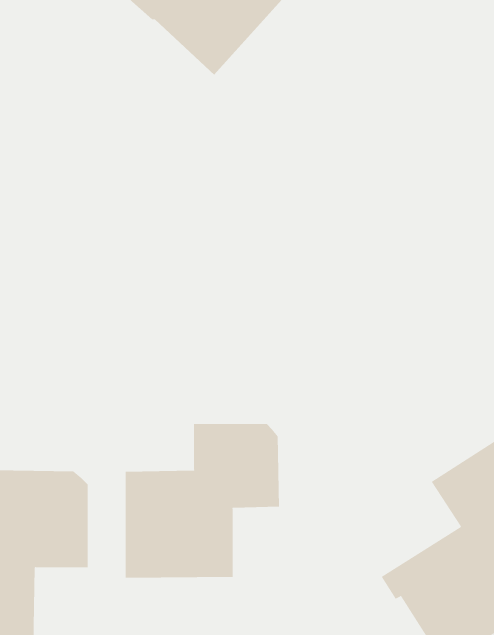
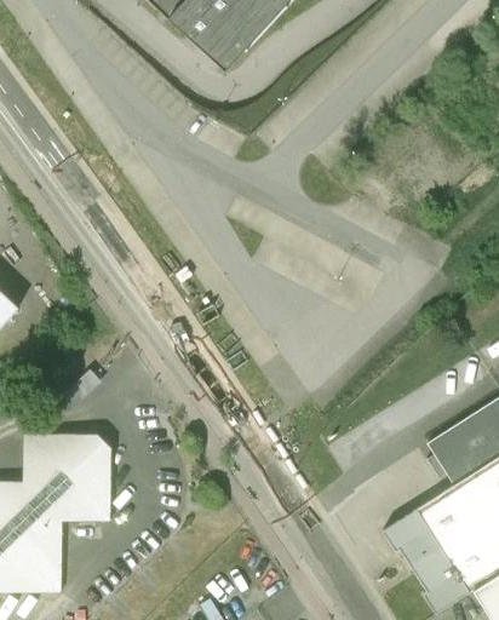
building: [125,423,279,579] -> none

